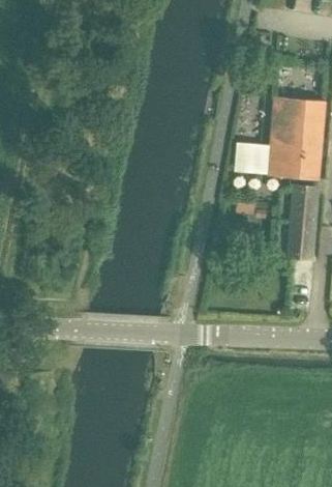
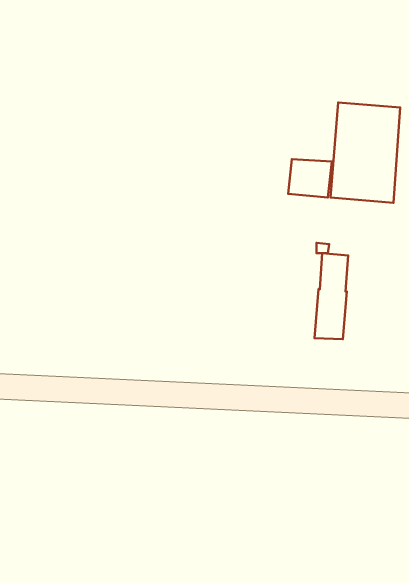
building: [289,189,315,258] -> [315,253,348,339]

